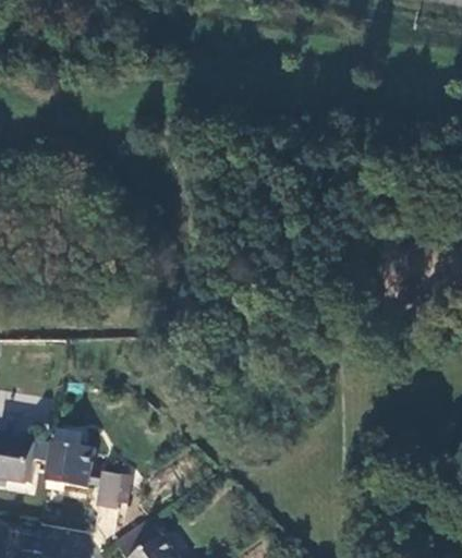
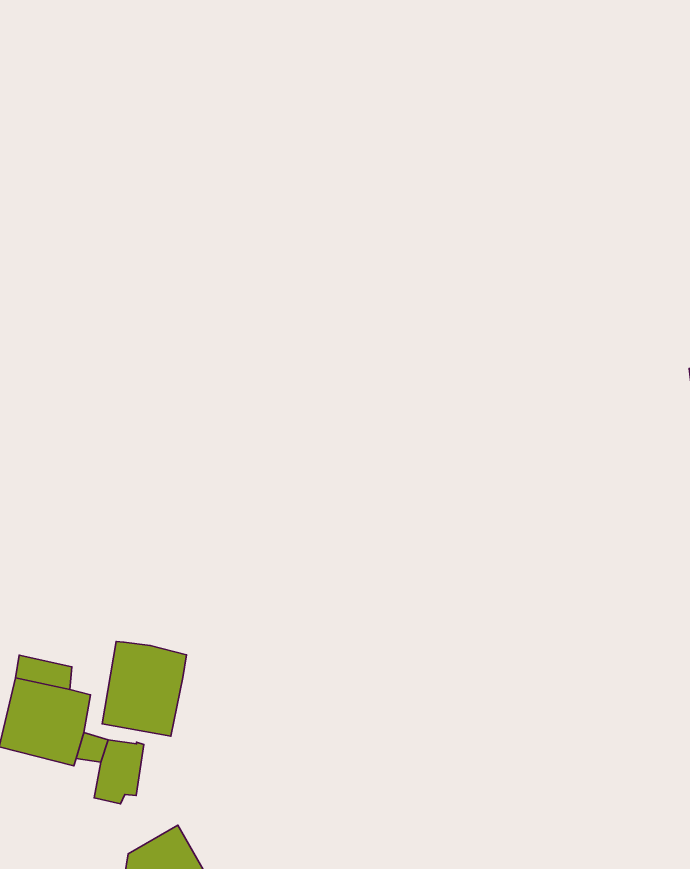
building: none -> [102,642,187,736]

